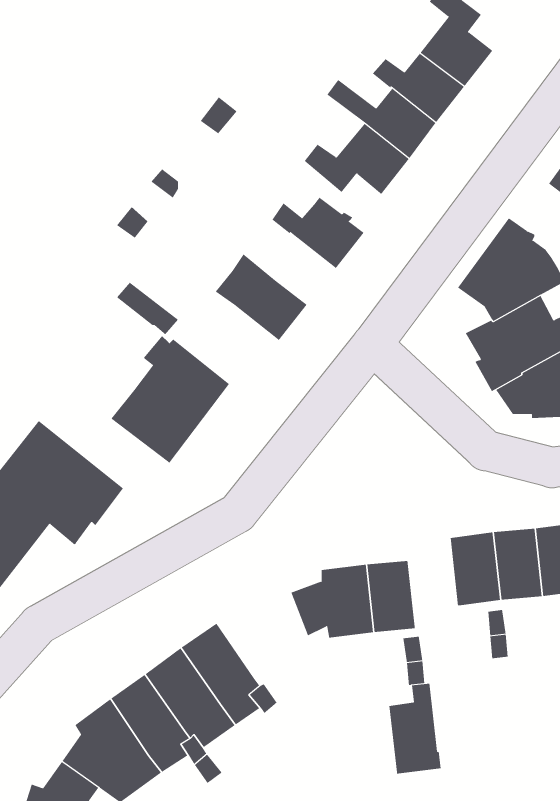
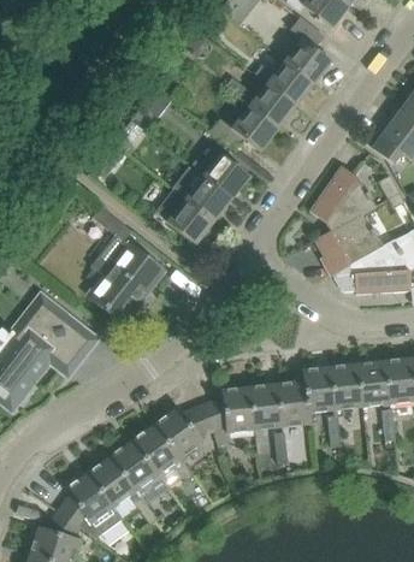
building: none -> [172,167,231,221]
building: none -> [155,404,213,459]
building: [389,683,442,774] -> [277,369,310,427]

